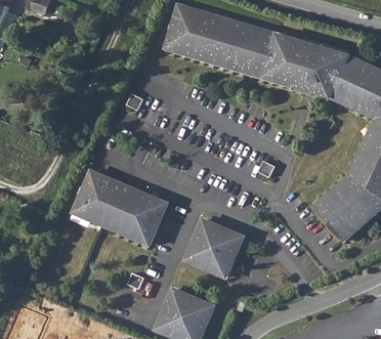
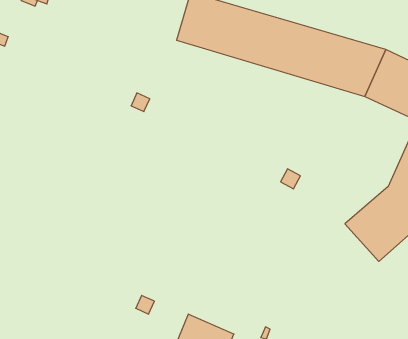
building: [72,171,166,244] -> none
building: [188,218,245,274] -> none

